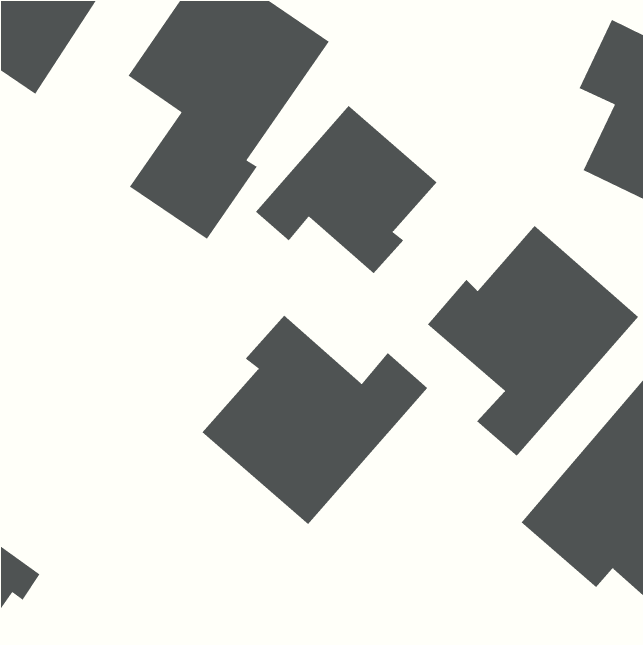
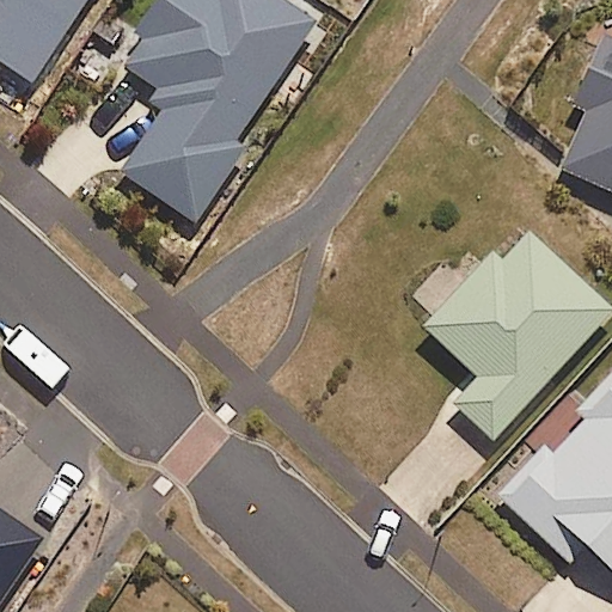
building: [255,105,437,274] -> none
building: [202,315,428,525] -> none

